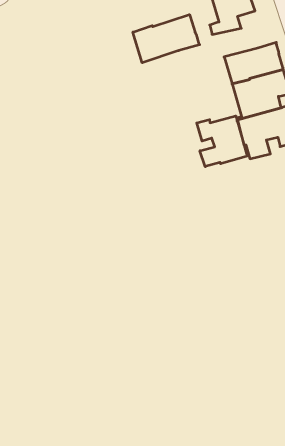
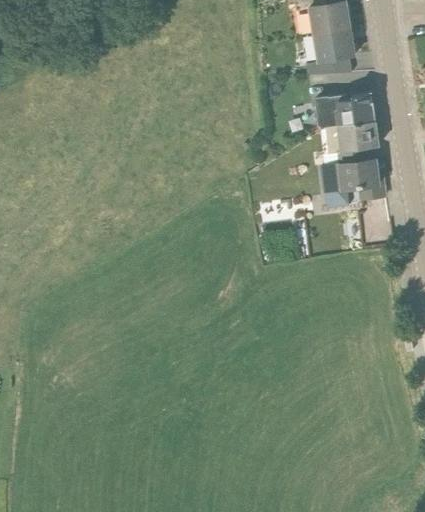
building: [133,15,200,63] -> none
building: [197,116,247,167] -> none

